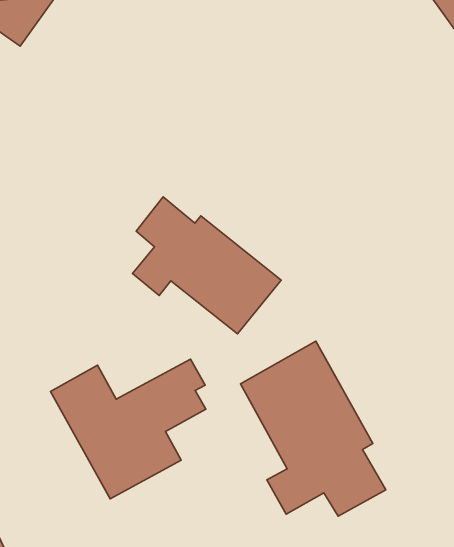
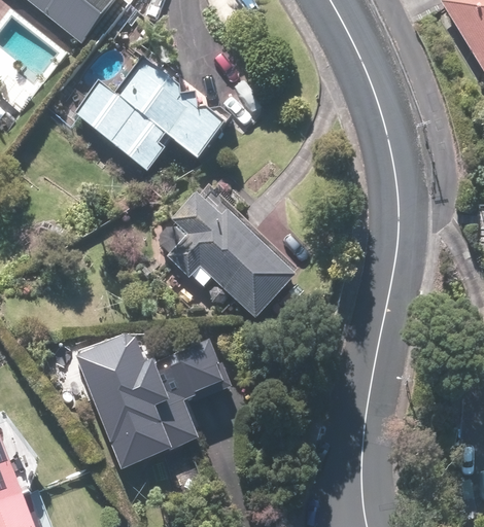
building: none -> [76,56,230,172]
building: [241,341,386,516] -> none

